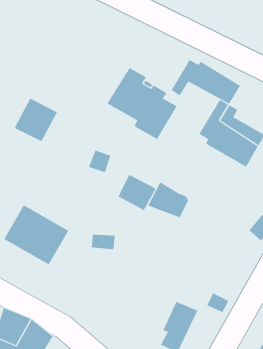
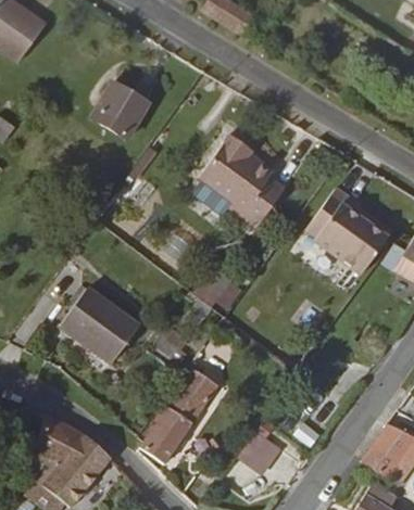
building: [171,59,241,104] -> none
building: [14,98,58,142] -> [90,84,146,139]
building: [148,181,189,218] -> none
building: none -> [136,367,219,464]

